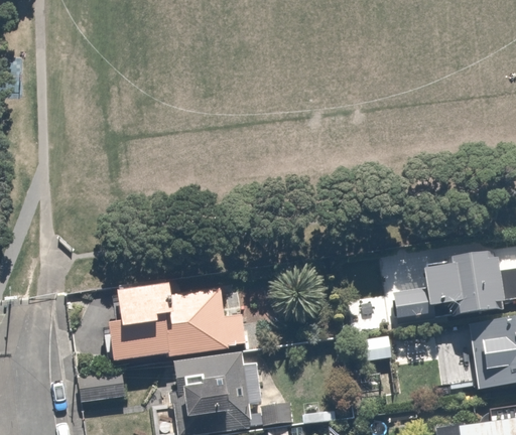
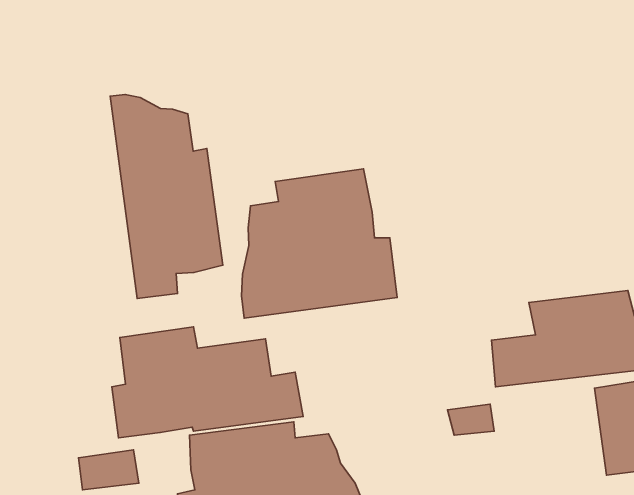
building: none -> [110,95,223,298]
building: none -> [241,169,397,318]

